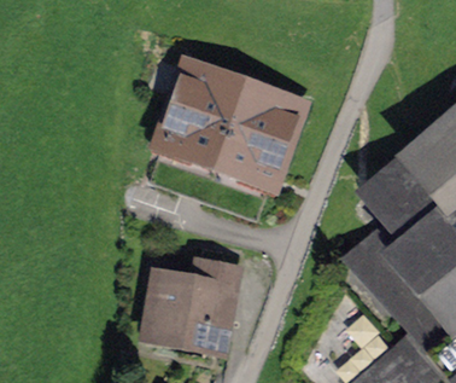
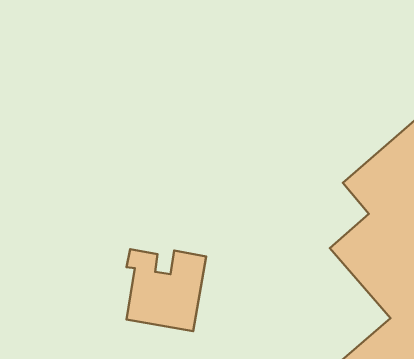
building: [162,64,294,174] -> none

